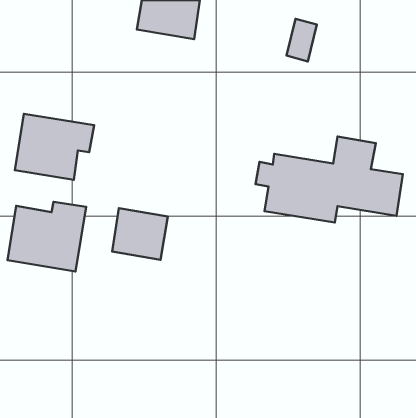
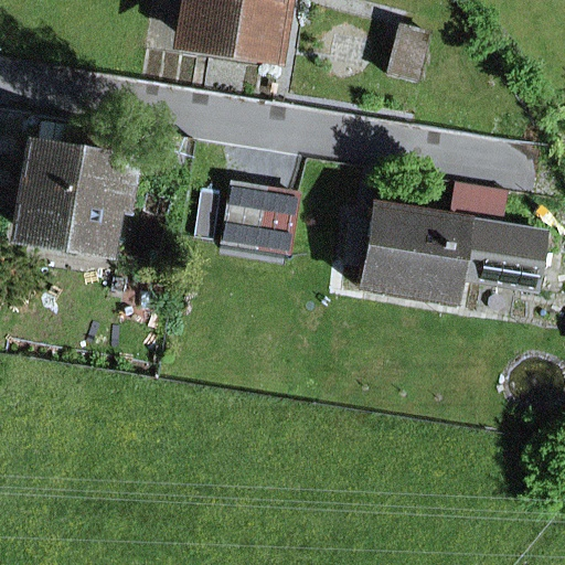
building: [7,202,86,271] -> none
building: [112,208,168,260] -> [224,184,299,254]

